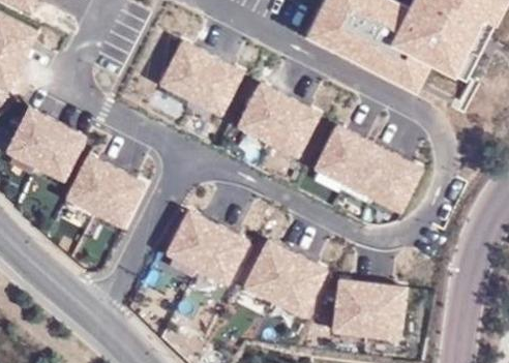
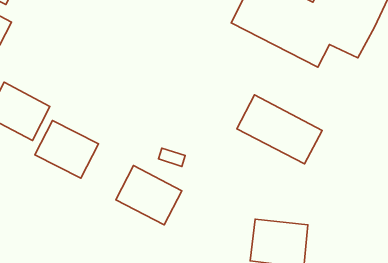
building: [159,41,241,115] -> none
building: [237,85,319,158] -> none
building: [245,241,325,313] -> none

